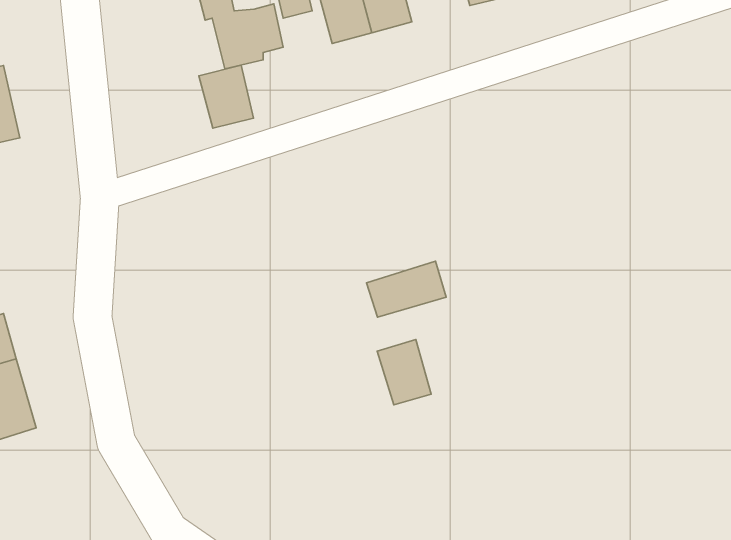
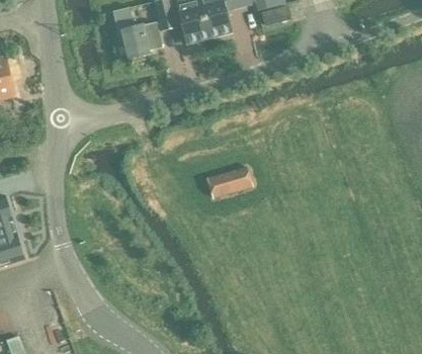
building: [199,65,253,128] -> none
building: [377,340,431,405] -> none

